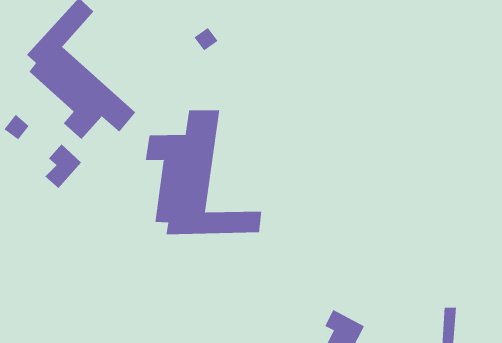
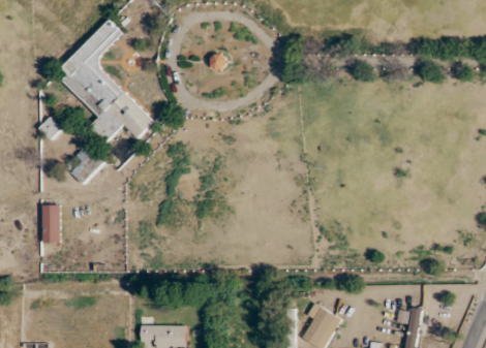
building: [145,110,262,235] -> none
building: none -> [42,204,60,243]

